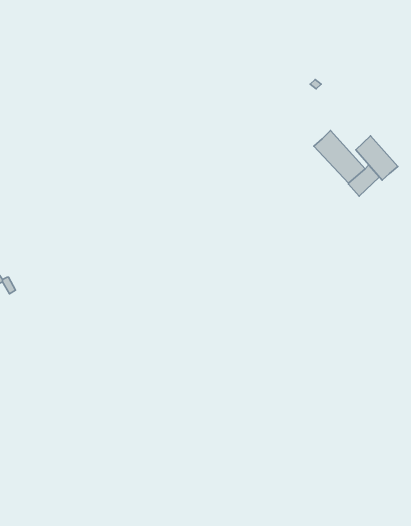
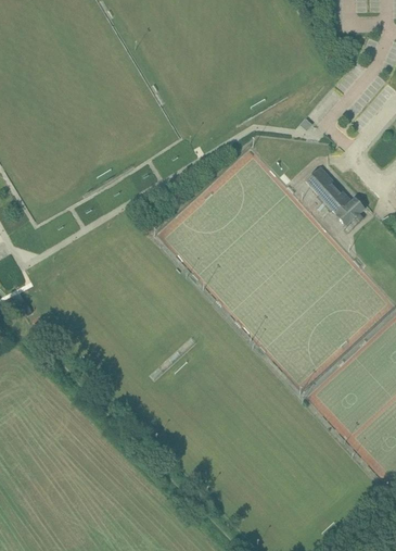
building: [356,136,398,180] -> none

